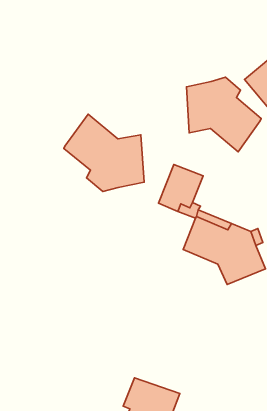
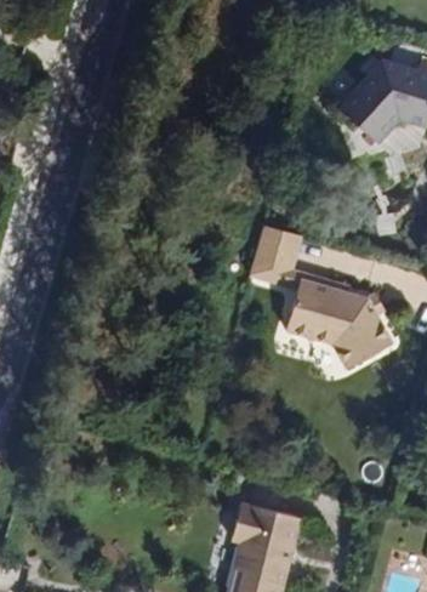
building: [187,77,261,152] -> none
building: [64,114,144,191] -> none

